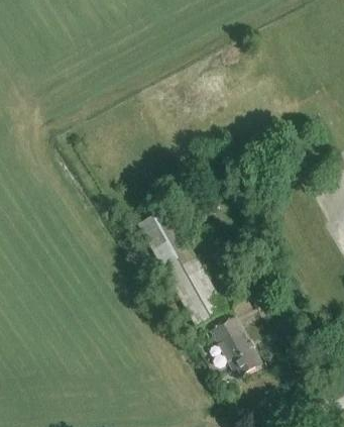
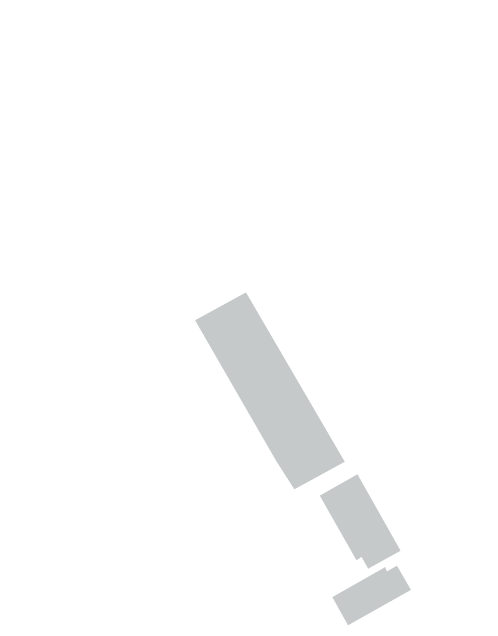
building: none -> [331,565,412,626]

